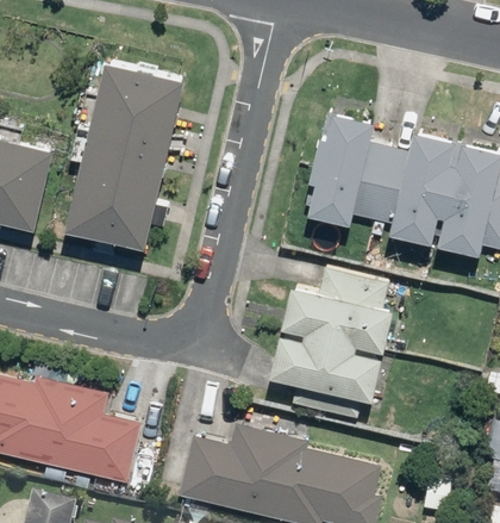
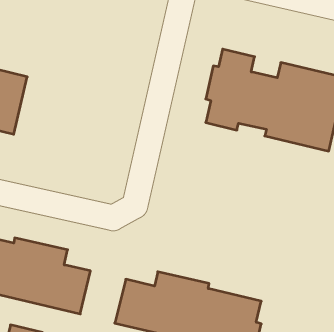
building: [63,60,185,248] -> none
building: [269,268,395,419] -> none

